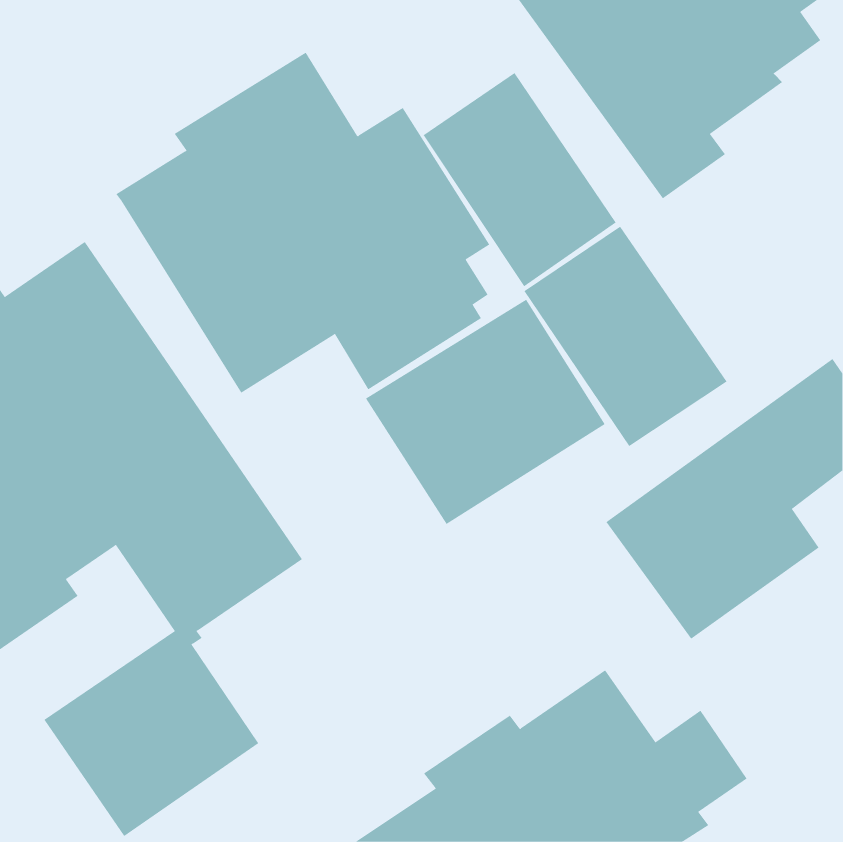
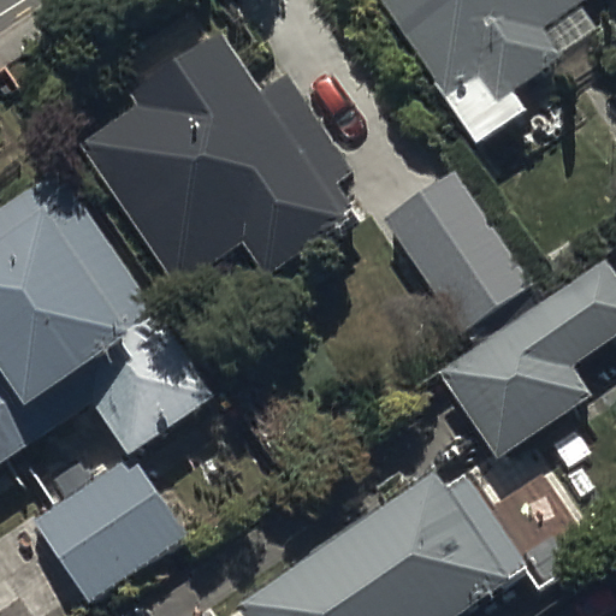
building: [423,72,616,287] -> none
building: [365,299,606,525] -> none

